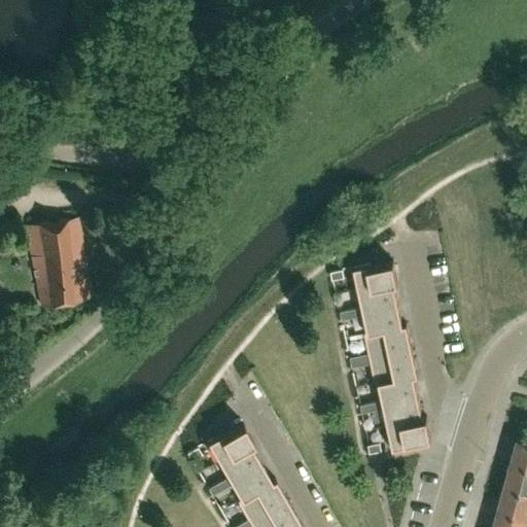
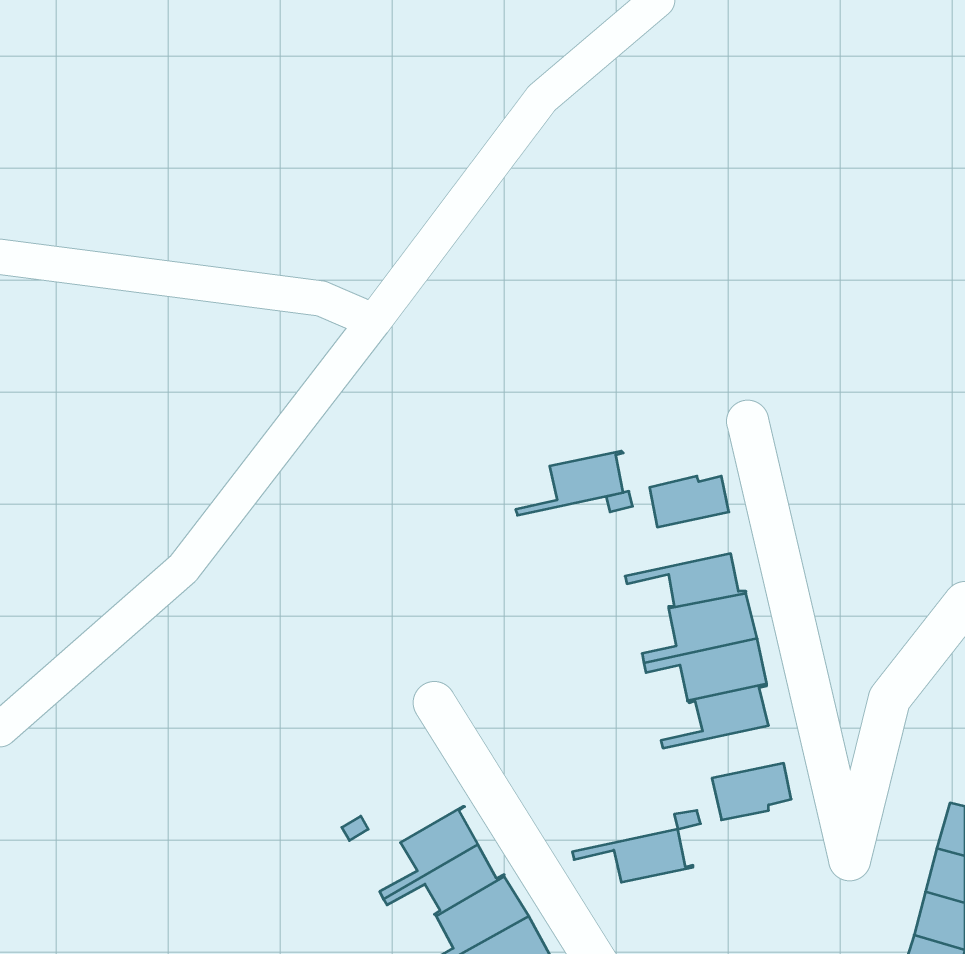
building: [25,221,89,309] -> none
building: [340,285,398,320] -> [516,451,623,515]
building: [361,401,427,430] -> [572,829,693,882]
building: [207,428,252,465] -> none

